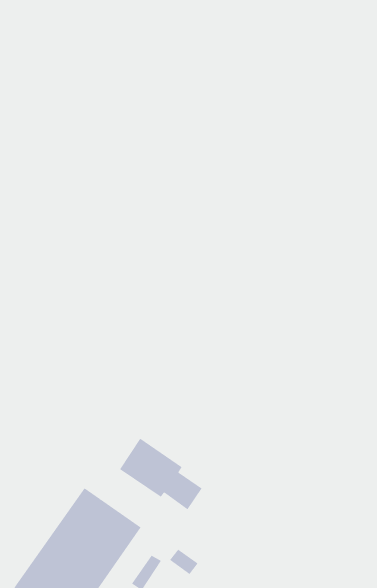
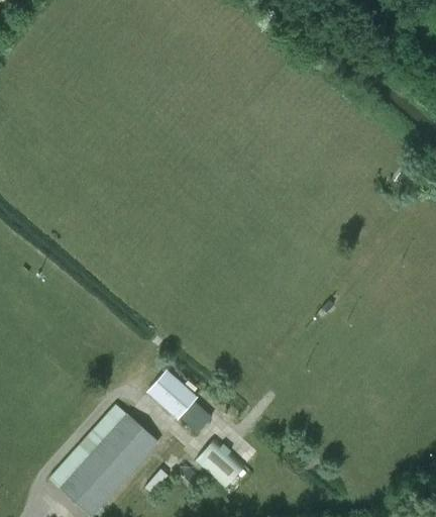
building: none -> [196,438,246,488]

